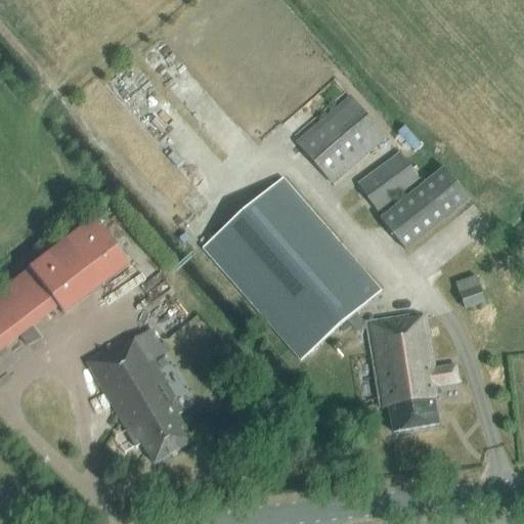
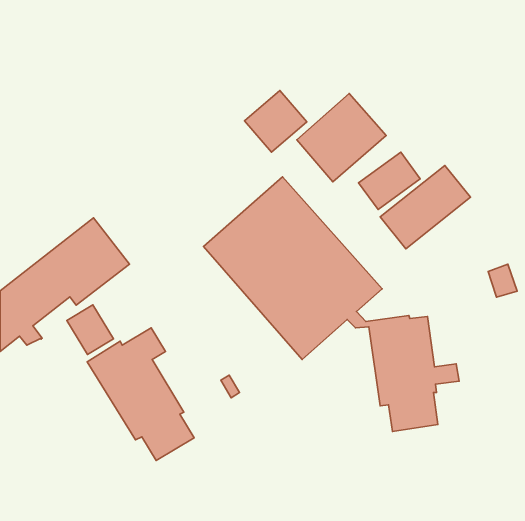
building: none -> [245,91,307,152]
building: [455,273,484,306] -> [488,264,517,297]
building: none -> [67,305,113,355]

